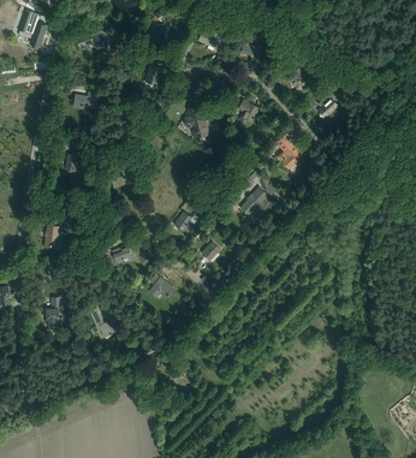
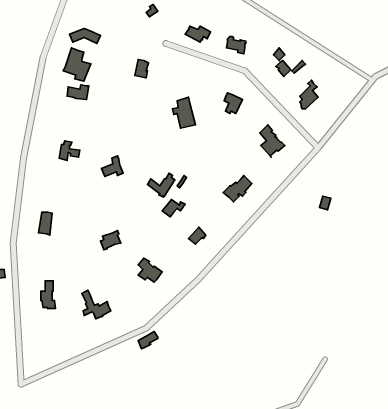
building: [18,11,47,46] -> [63,48,91,81]

